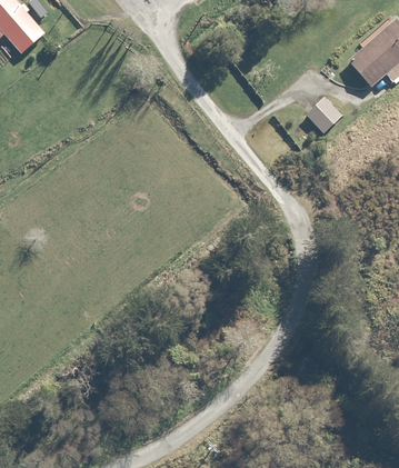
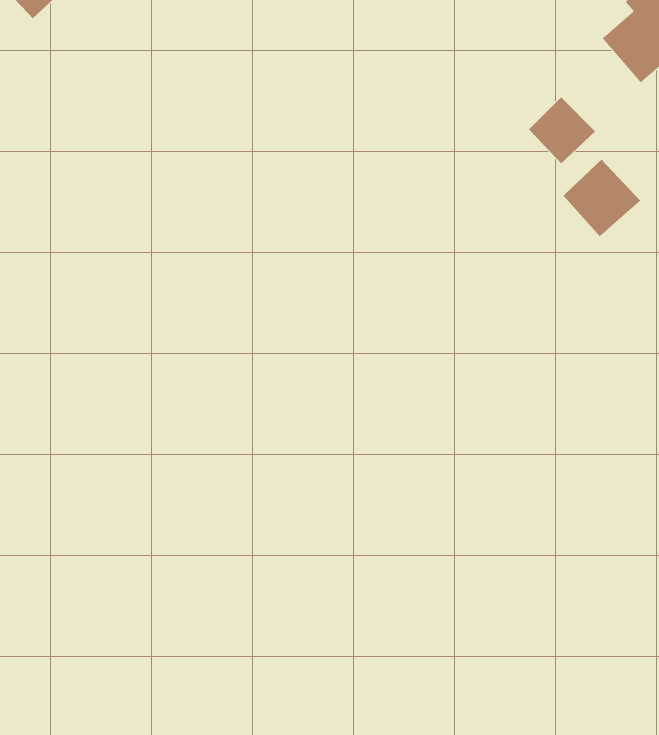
building: none -> [563,159,641,237]

